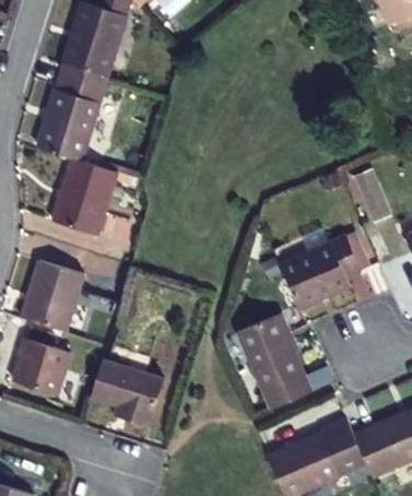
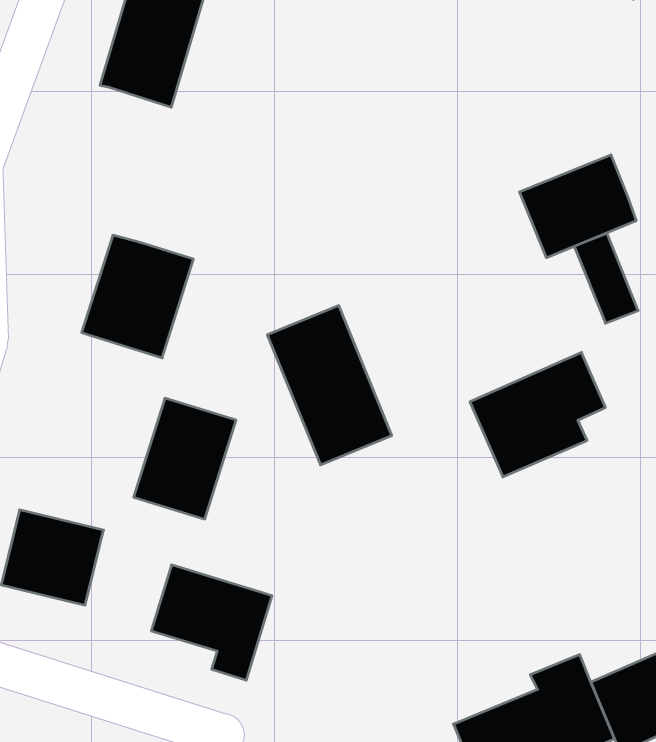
building: [45,75,118,168] -> none
building: none -> [519,155,636,258]
building: [26,267,87,339] -> [134,398,236,519]
building: [239,312,314,408] -> [267,306,392,465]

